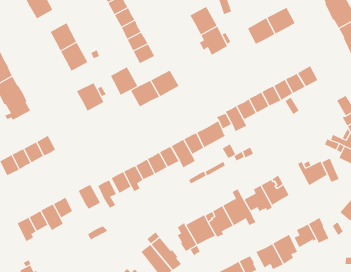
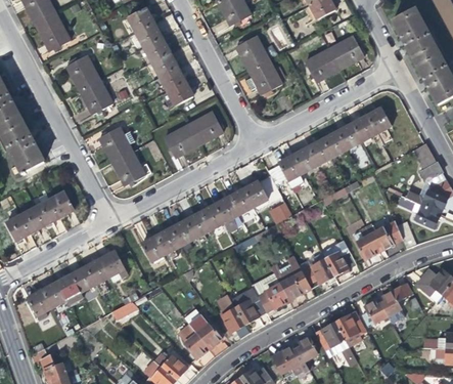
building: [110,67,138,95] -> [111,152,145,186]
building: none -> [353,226,379,260]
building: [97,180,117,209] -> [86,259,109,294]

